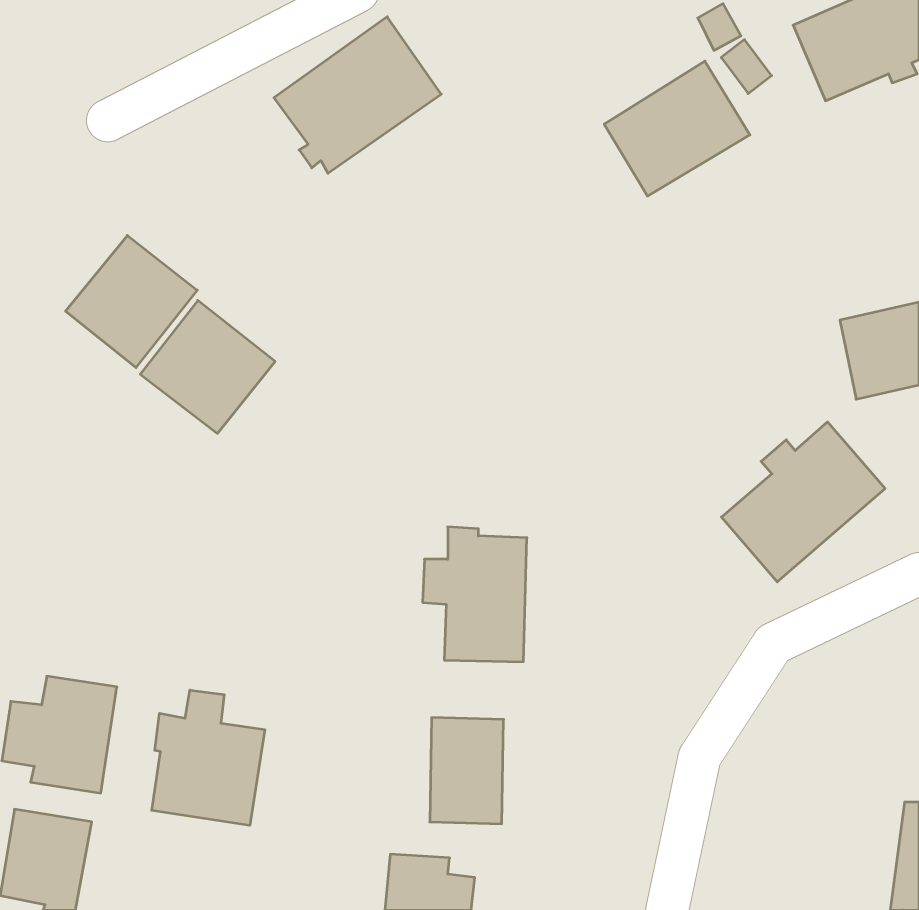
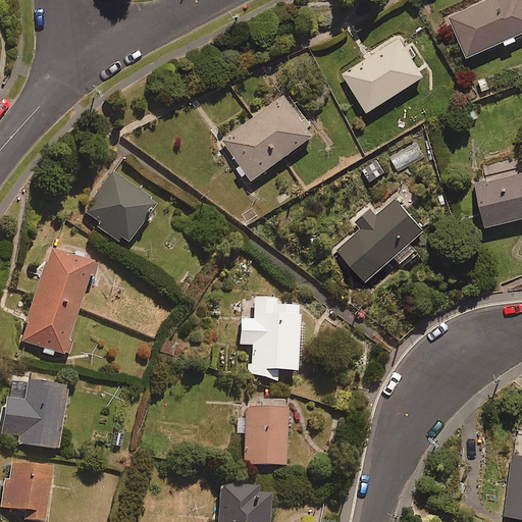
building: [274,17,441,173] -> [221,91,316,179]
building: [66,235,197,368] -> none
building: [721,422,885,582] -> [334,196,427,286]
building: none -> [20,250,95,355]
building: [152,690,265,825] -> none

